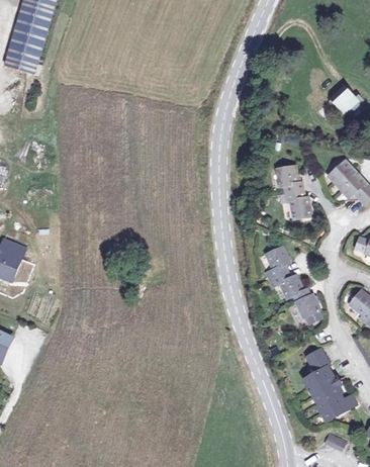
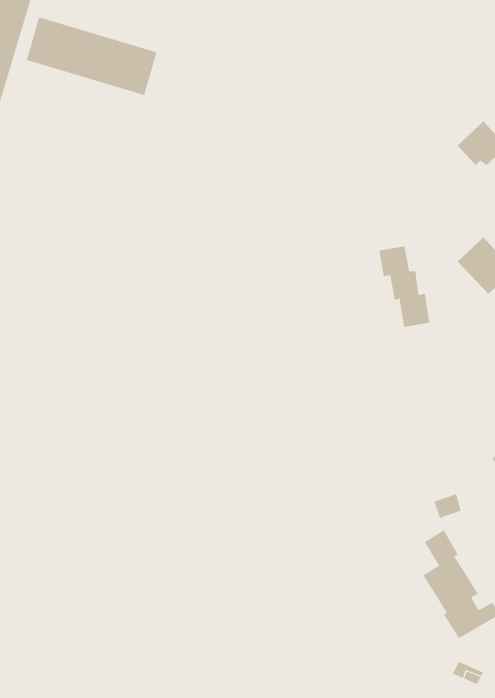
building: none -> [26,16,157,96]
building: [266,247,320,323] -> none

